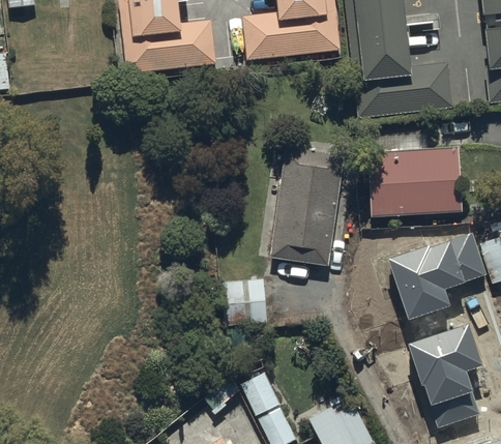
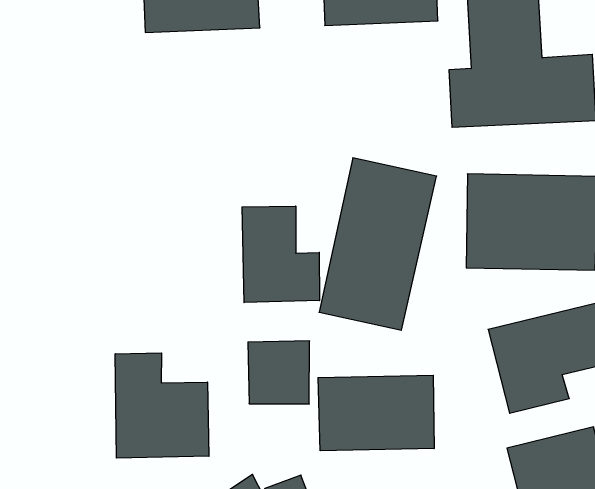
building: none -> [242,206,320,303]
building: none -> [115,353,209,458]
building: none -> [318,375,434,451]

